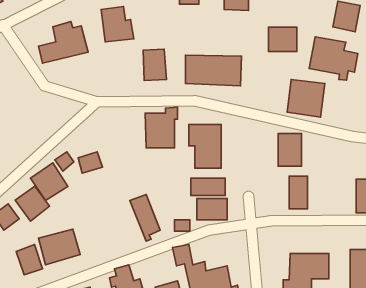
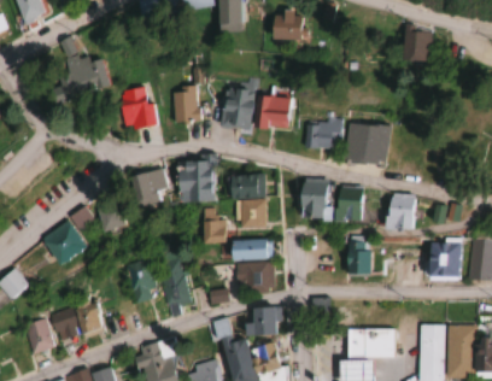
building: [101,6,134,42] -> [121,87,159,129]
building: [268,27,297,51] -> [306,119,340,148]
building: [309,37,358,80] -> none
building: none -> [133,169,168,206]
building: none -> [301,178,328,221]
building: none -> [387,194,414,231]
building: none -> [205,207,225,242]
building: [15,186,50,221] -> none
building: none -> [125,257,159,303]
building: none -> [252,307,276,336]

